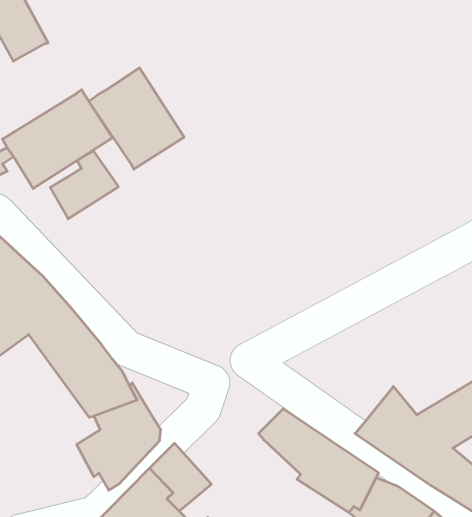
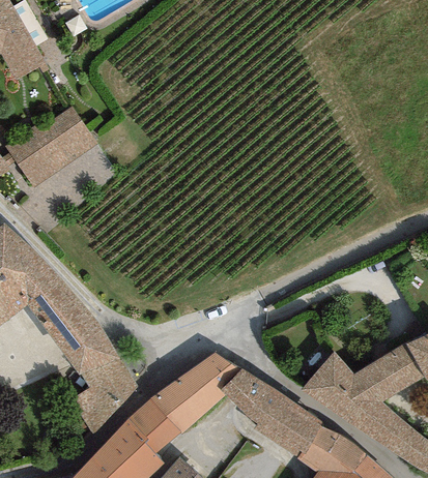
building: [89,68,184,169] -> none
building: [50,151,118,219] -> none
building: none -> [149,351,240,435]

